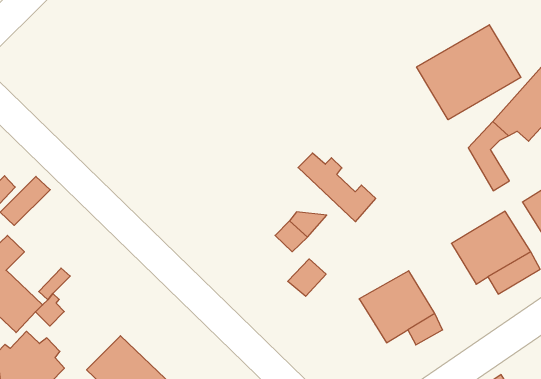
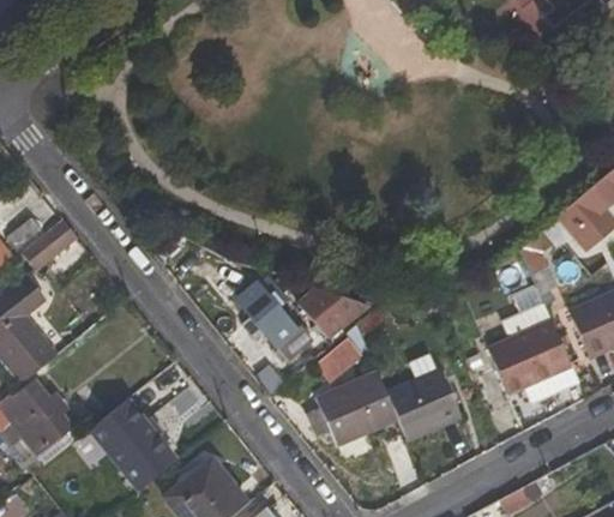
building: [417,25,521,120] -> none
building: [298,153,376,222] -> [236,284,313,361]
building: none -> [315,371,398,446]

